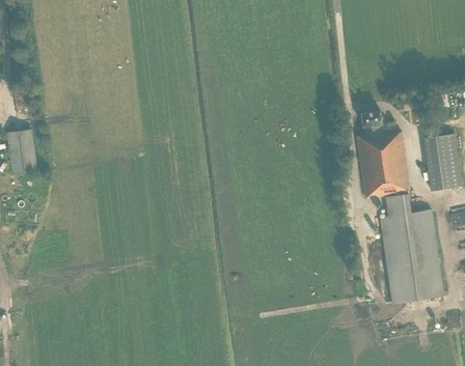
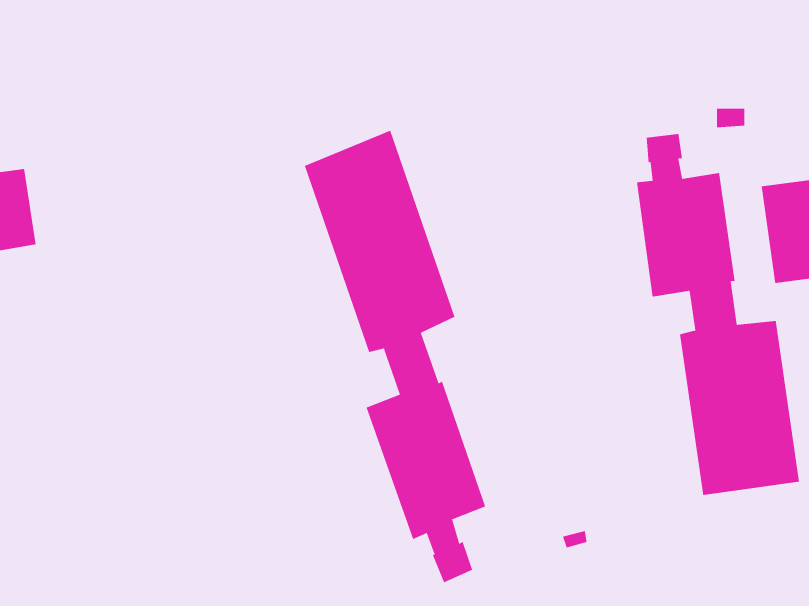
building: none -> [304,130,486,583]

